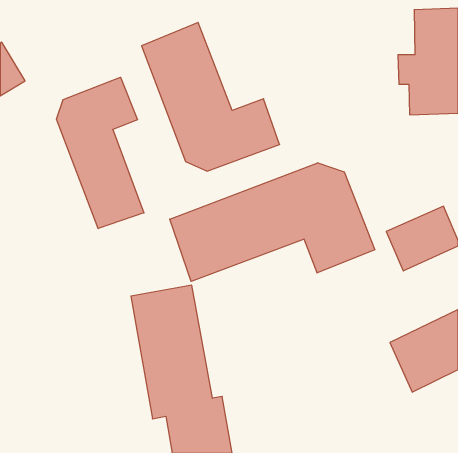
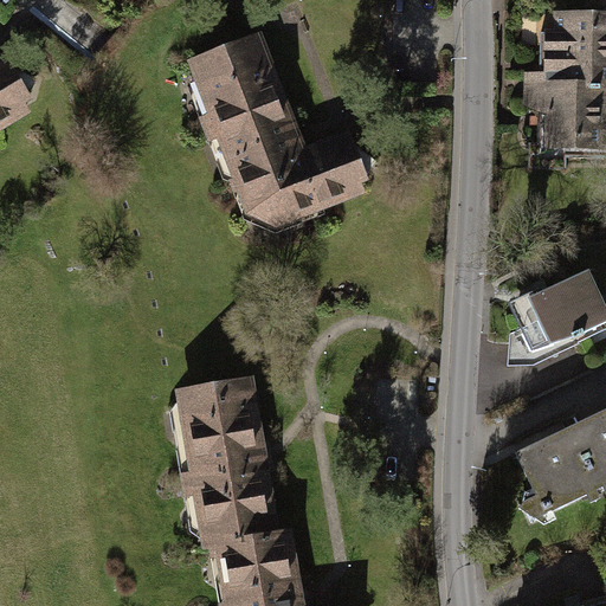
building: [57,77,144,229] -> none
building: [170,163,375,281] -> none

